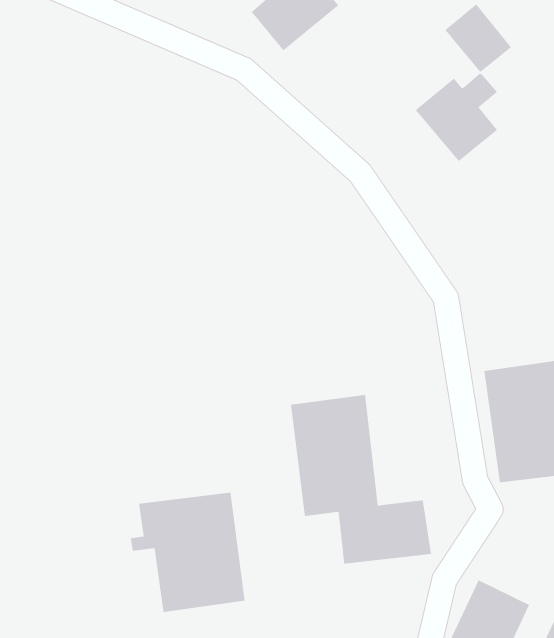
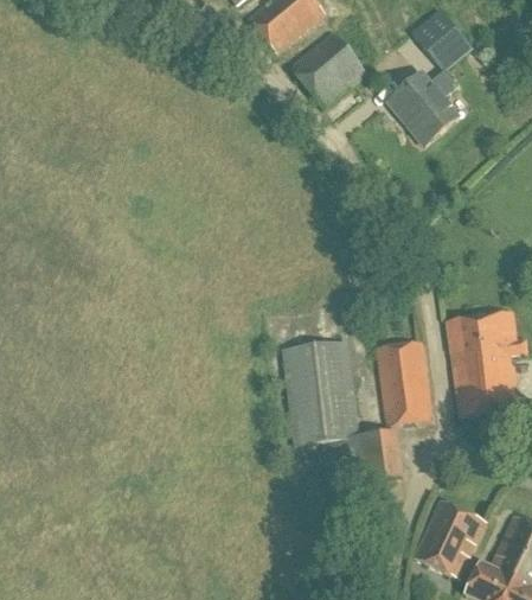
building: none -> [290,30,367,107]
building: none -> [377,342,432,425]
building: [130,492,245,613] -> none

